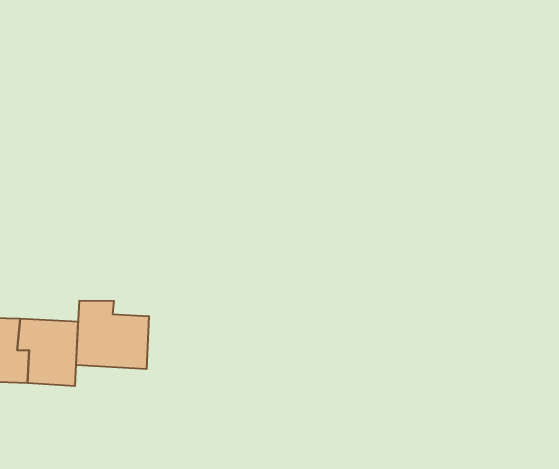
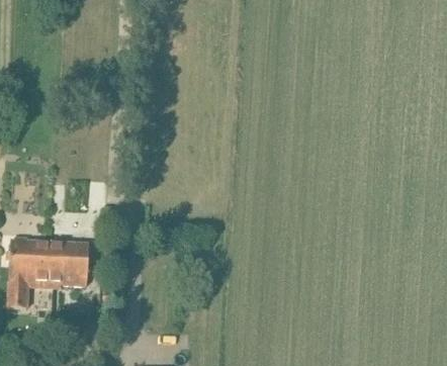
building: [76,301,149,369] -> none

